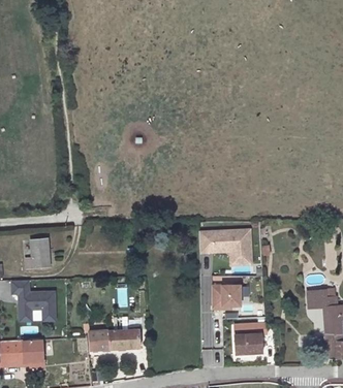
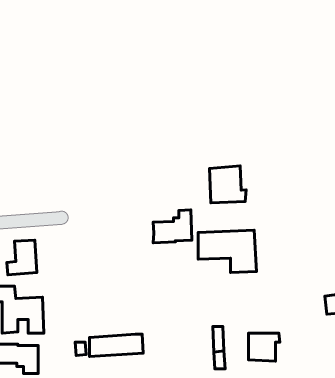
building: none -> [210,166,246,203]
building: none -> [153,210,192,243]
building: [207,287,237,315] -> none

